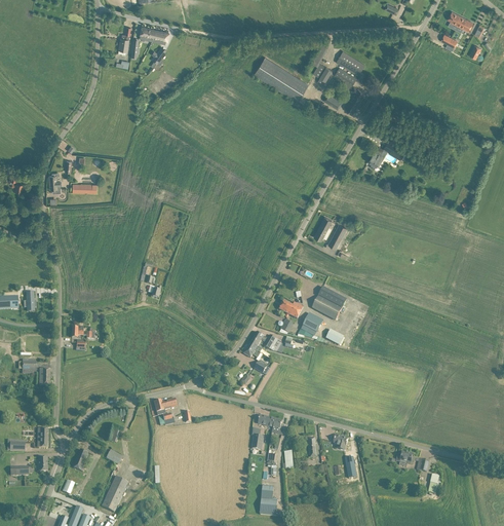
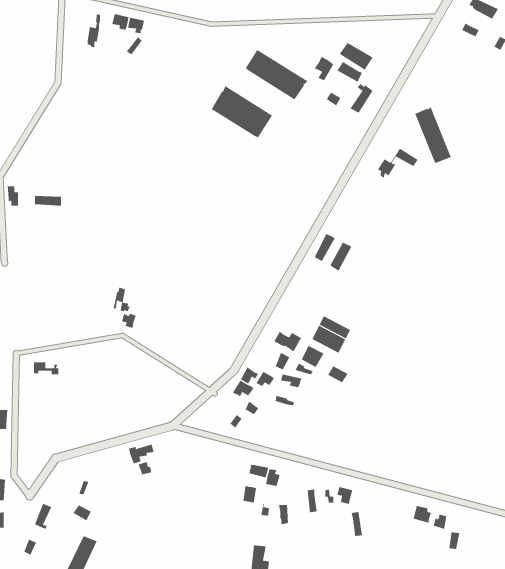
building: none -> [211,85,273,138]
building: none -> [415,106,451,164]

